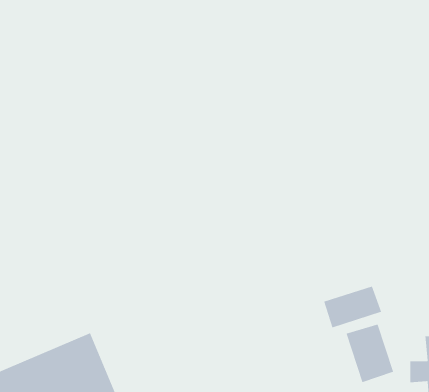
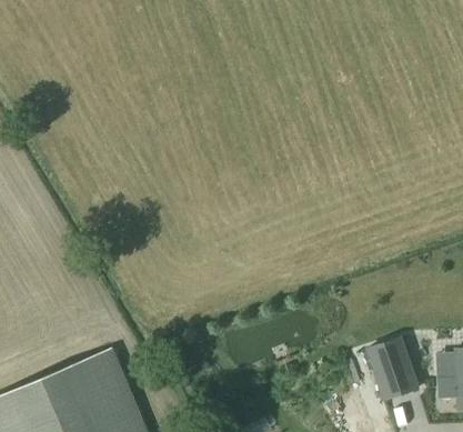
building: [323,285,382,329] -> none

